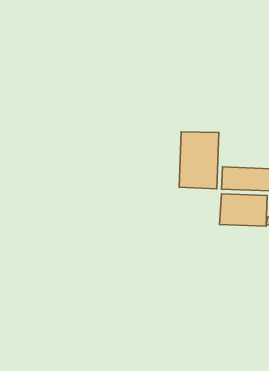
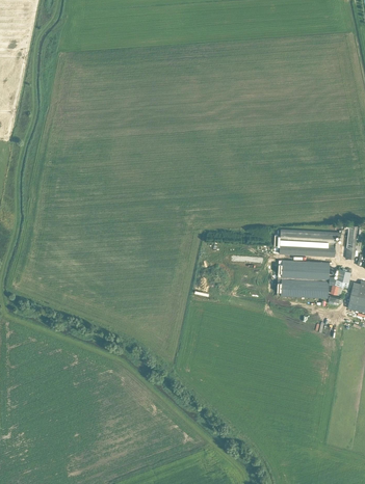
building: [179,132,219,189] -> none

